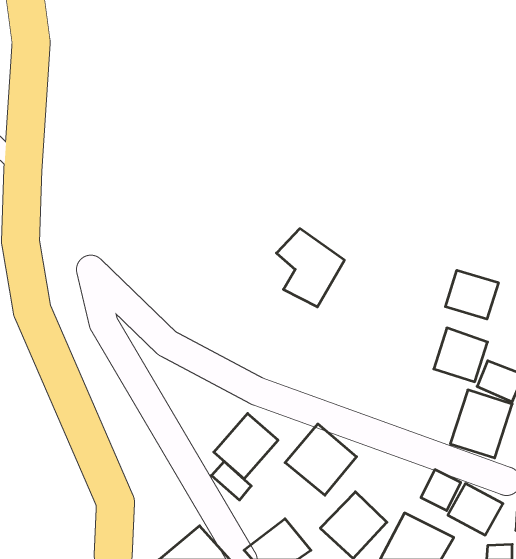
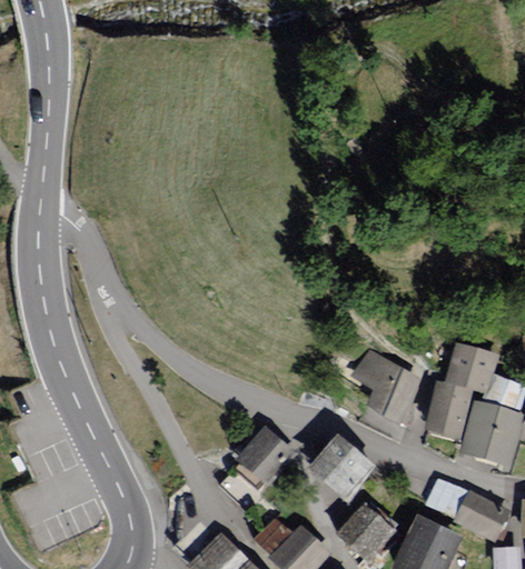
building: [276,229,344,307] -> [357,350,422,425]
building: [445,270,498,319] -> none
building: none -> [422,383,470,439]

